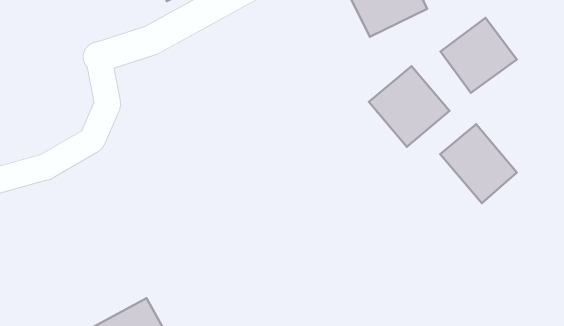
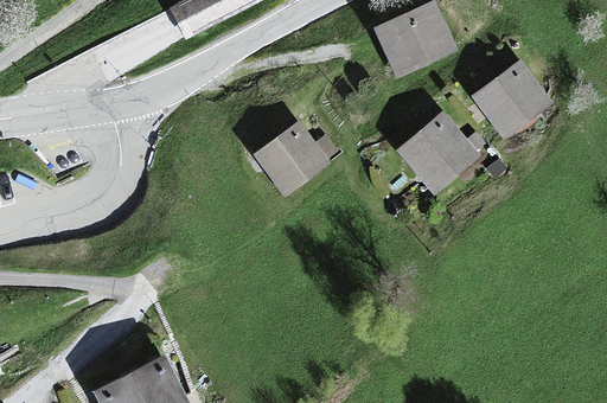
building: none -> [253,120,331,197]
building: [440,124,517,203] -> none

